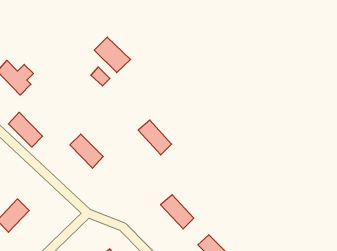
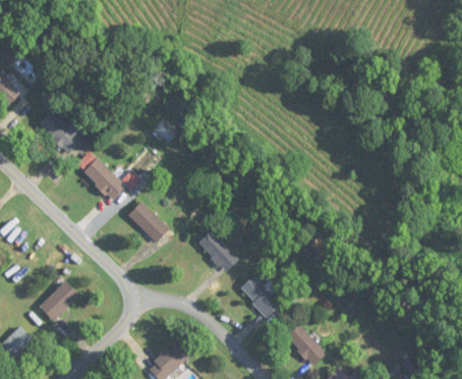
building: [94,37,131,73] -> none
building: [8,112,43,147] -> [83,157,125,200]
building: [138,120,172,155] -> [197,229,238,272]

